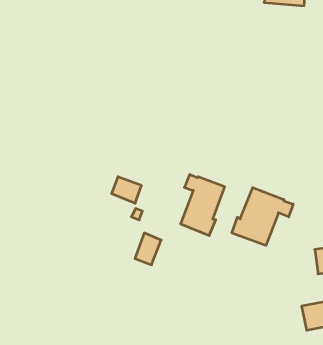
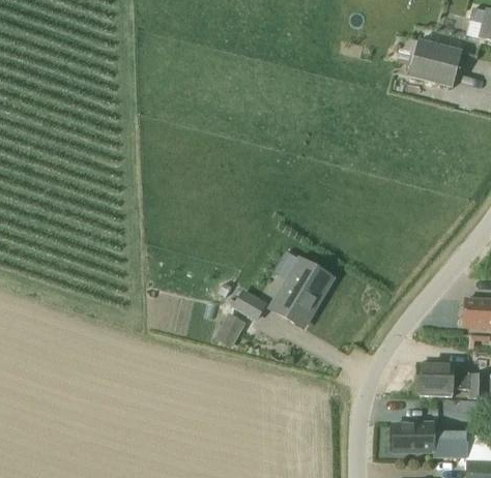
building: [112,177,141,203] -> [233,289,268,322]
building: [232,188,293,245] -> none

